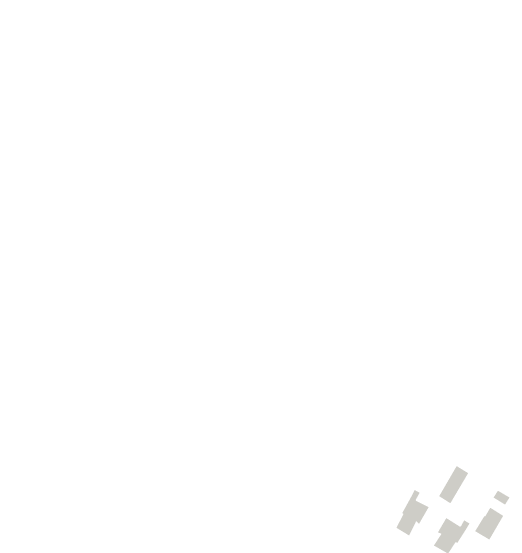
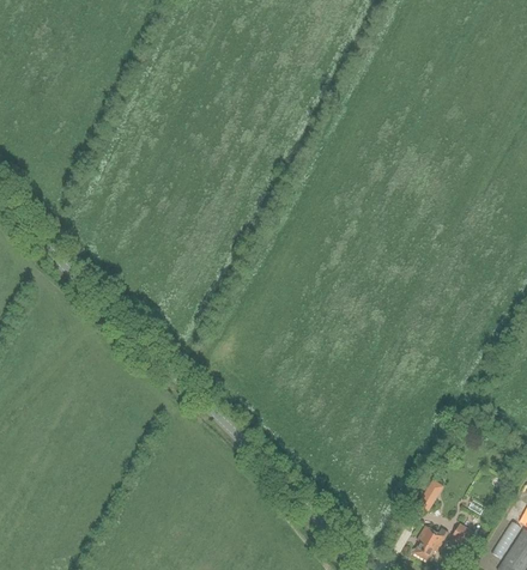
building: [395,489,429,536] -> none

